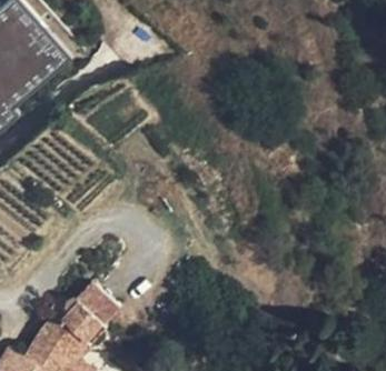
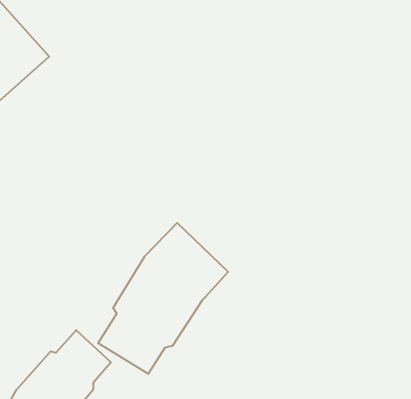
building: none -> [98,223,228,374]

